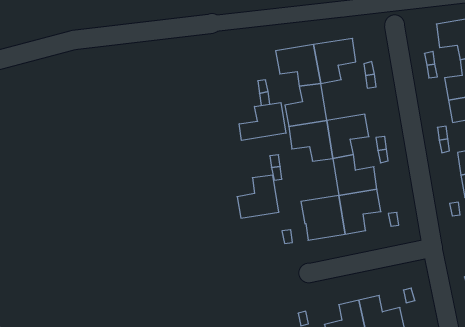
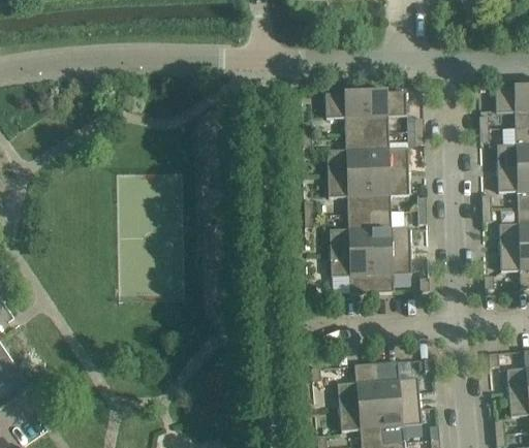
building: none -> [367,131,408,171]
building: [239,103,286,140] -> none
building: [237,175,279,218] -> [329,212,370,252]

